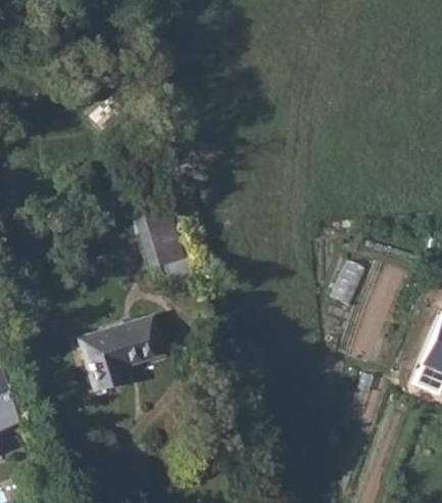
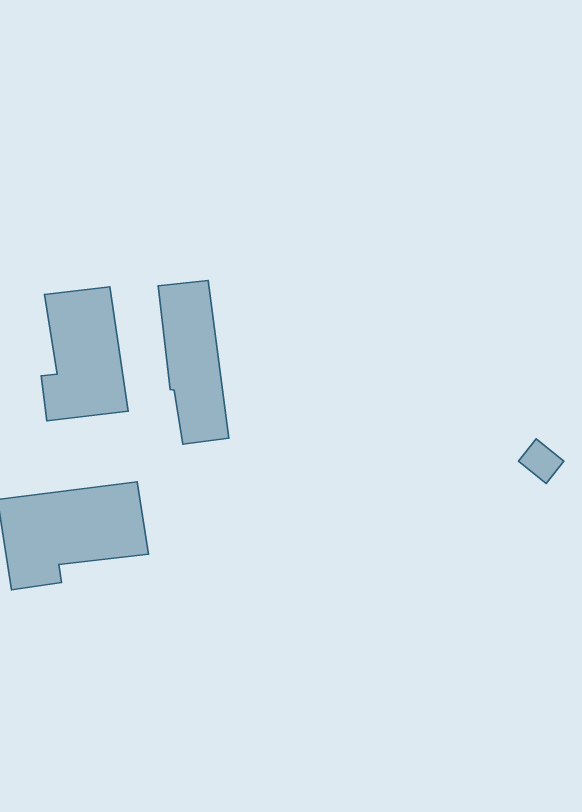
building: none -> [41,287,128,421]

